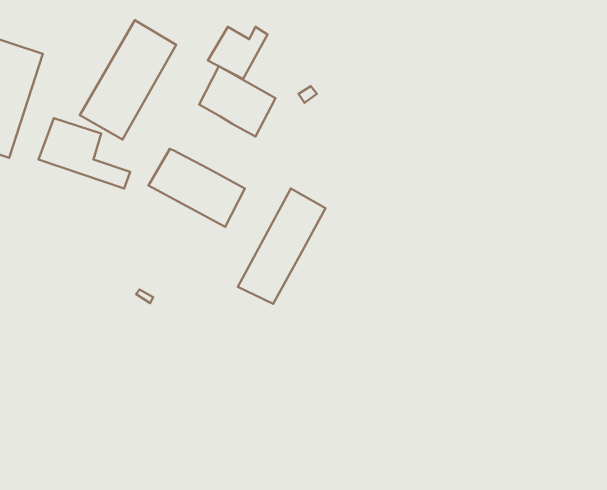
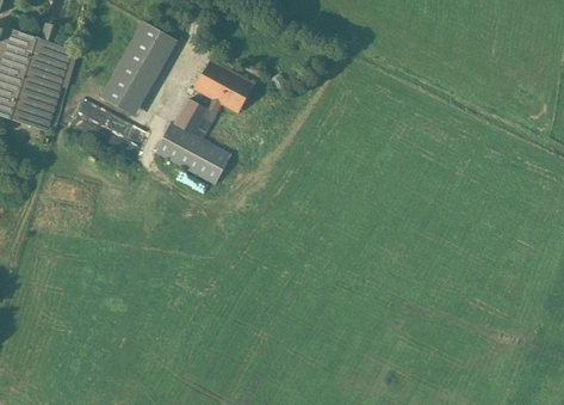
building: [208,27,268,79] -> [174,97,221,137]
building: [238,189,325,304] -> none

